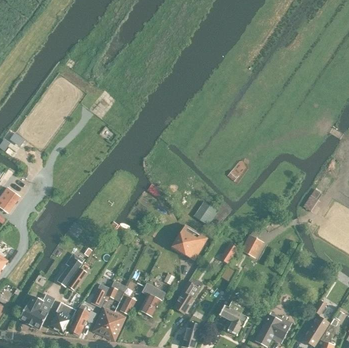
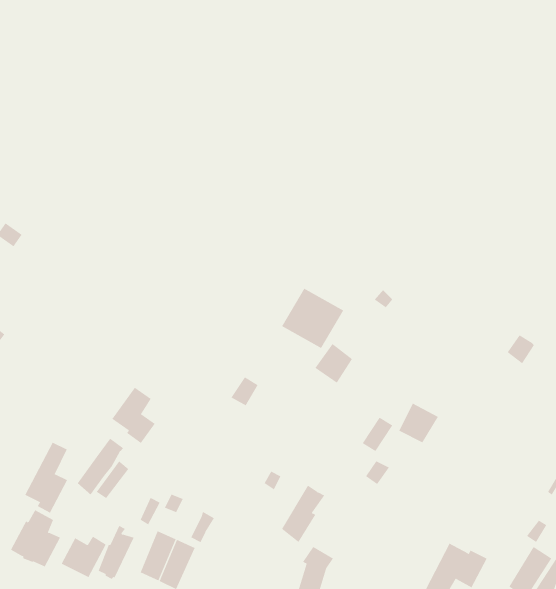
building: [172,224,208,259] -> [281,288,344,349]
building: none -> [111,387,155,444]
building: none -> [24,442,68,514]
building: [140,283,165,316] -> none
building: [219,291,249,336] -> none

